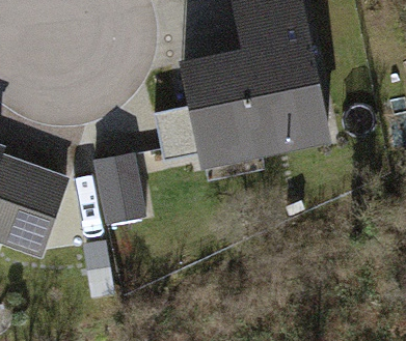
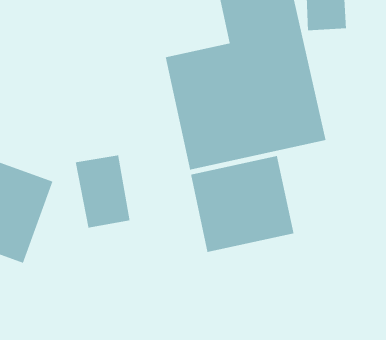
building: none -> [190,155,294,253]

